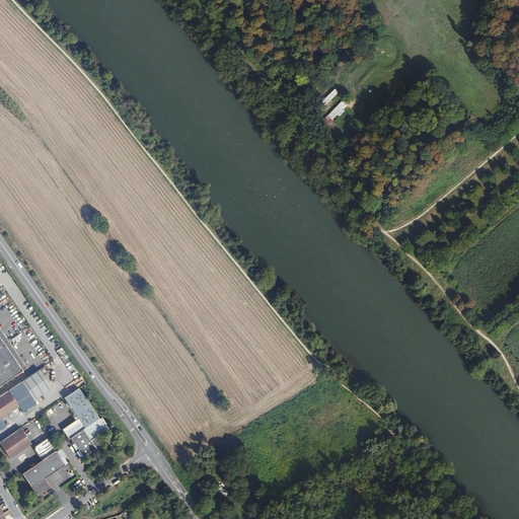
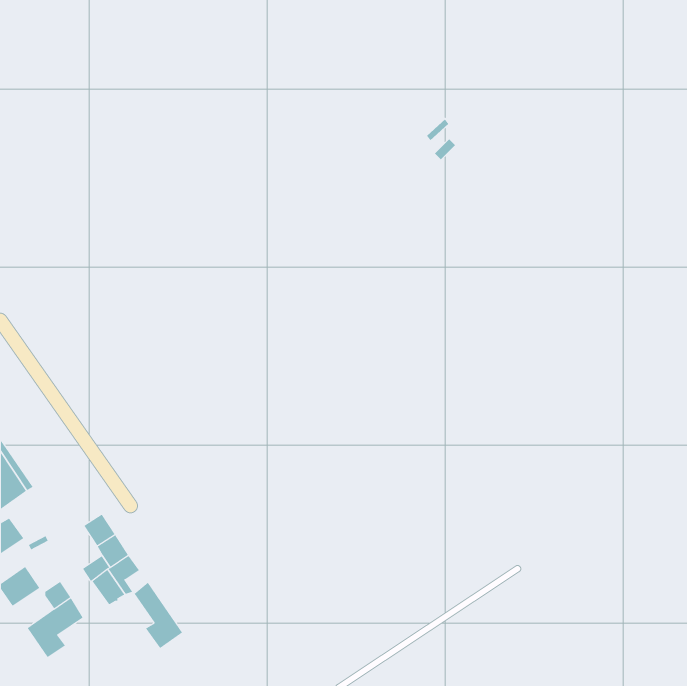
building: [19,370,50,400] -> none
building: none -> [134,582,183,649]

